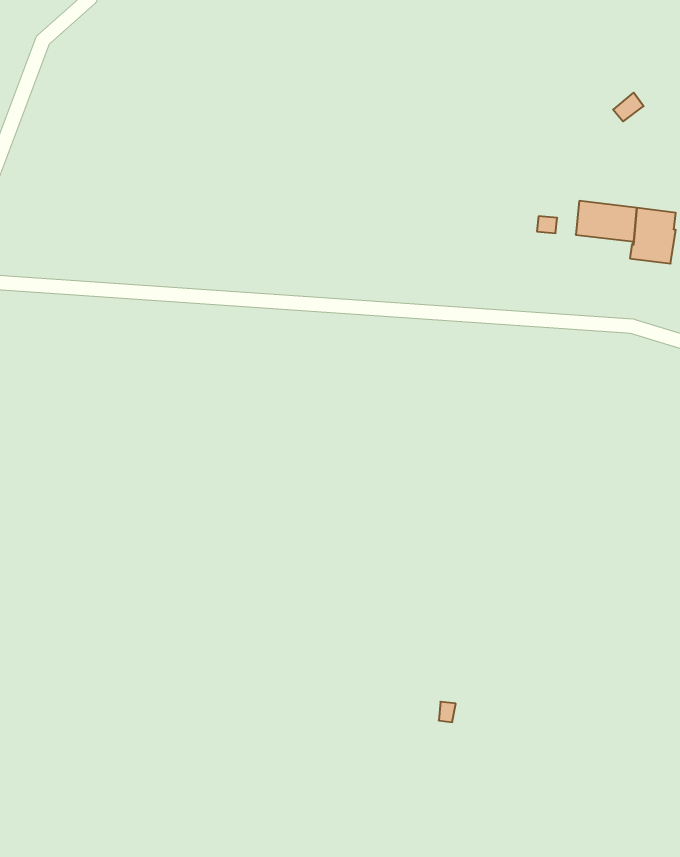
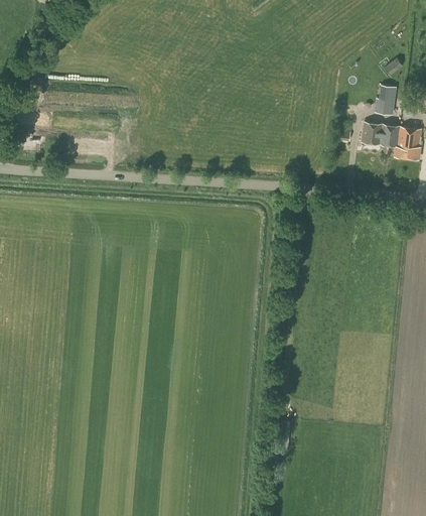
building: none -> [374,86,397,116]

